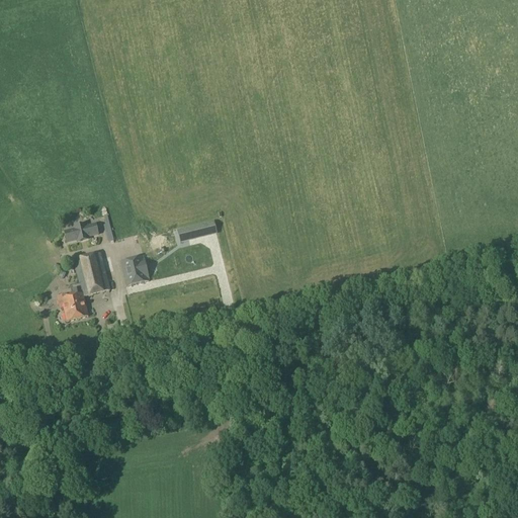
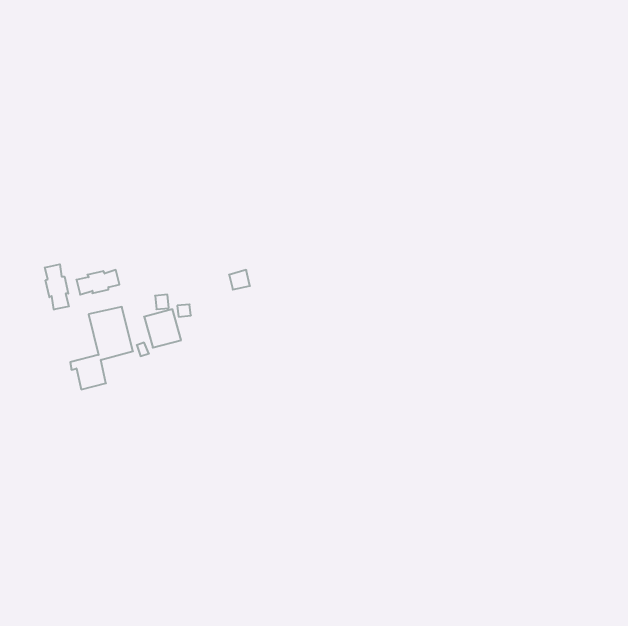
building: none -> [45,264,69,310]

